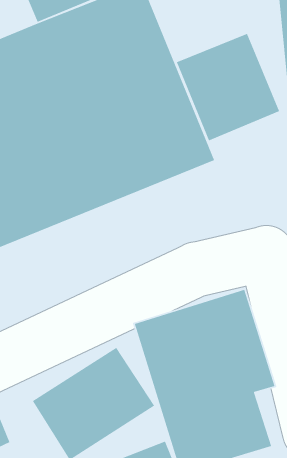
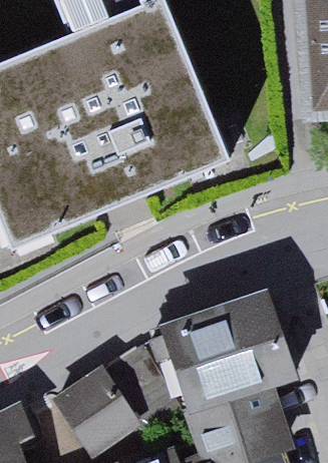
building: [176,33,280,142] -> none

